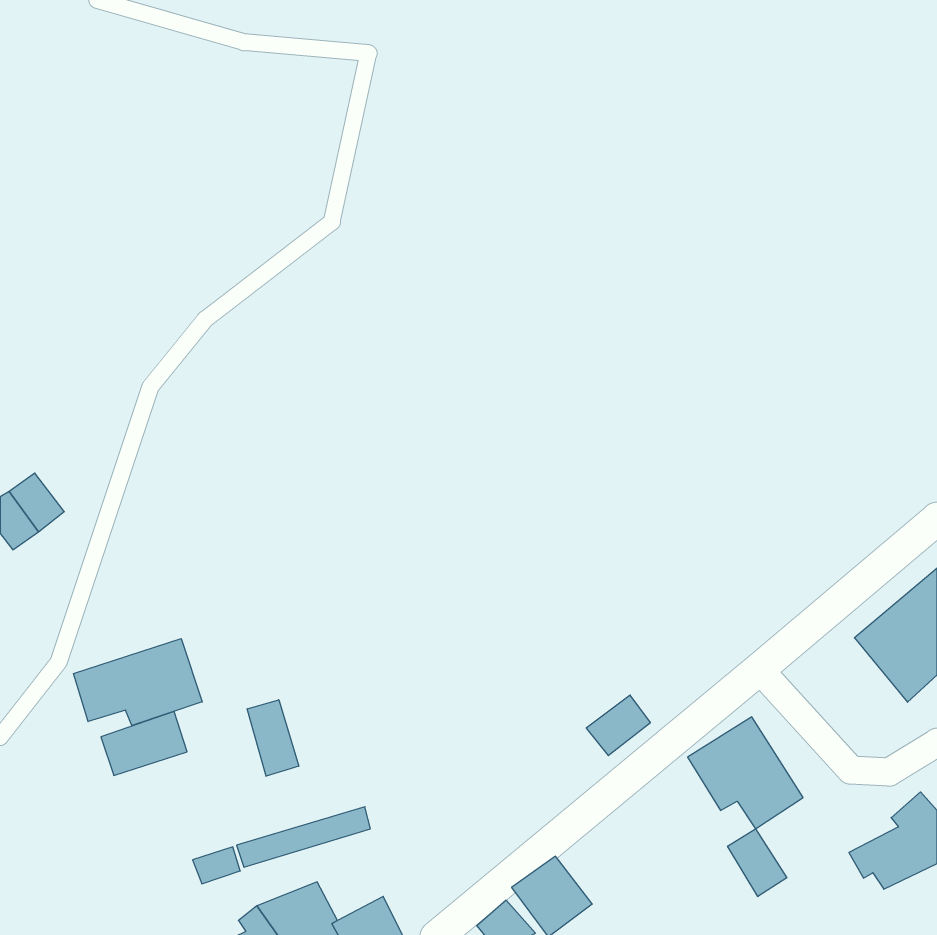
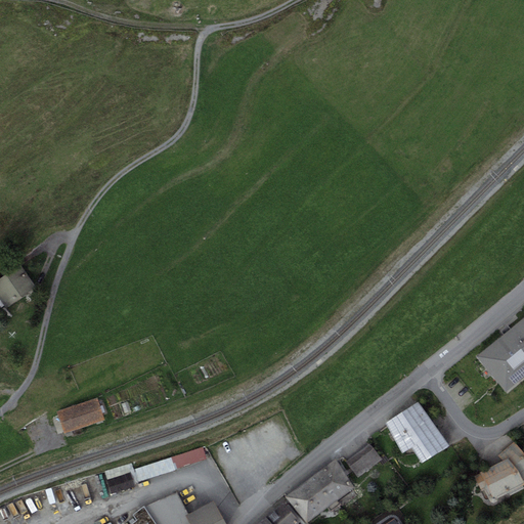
building: [73,639,202,725] -> none
building: [586,695,650,756] -> [346,444,382,478]
building: [247,700,299,776] -> none
building: none -> [310,461,355,506]
building: [728,829,787,897] -> none

